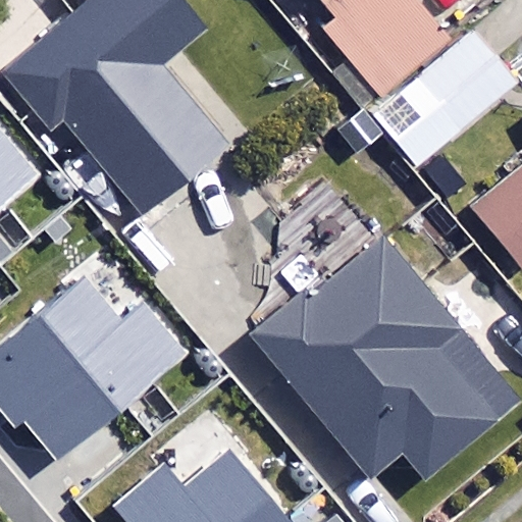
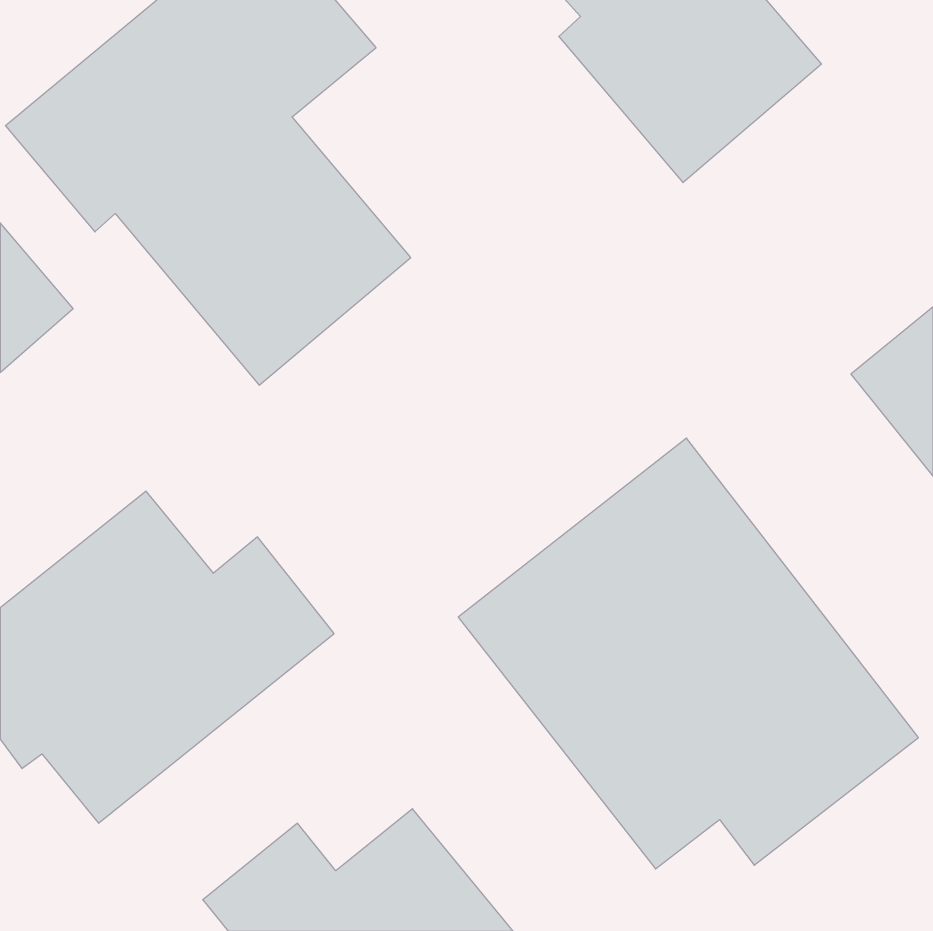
building: [381,33,511,156] -> none

